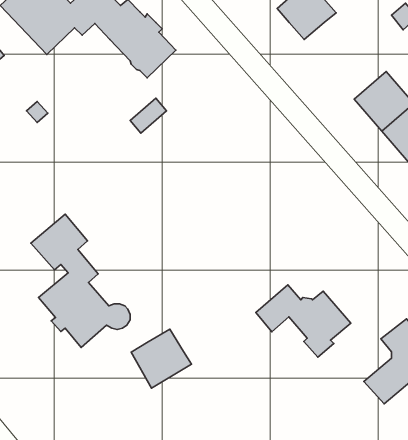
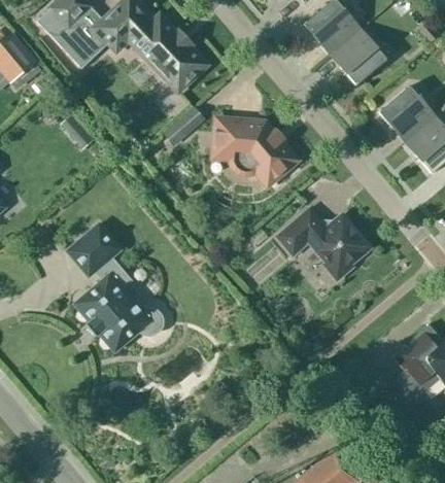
building: none -> [331,28,387,84]
building: none -> [215,119,296,182]
building: [256,285,351,357] -> [278,209,370,279]
building: [131,329,192,388] -> none

